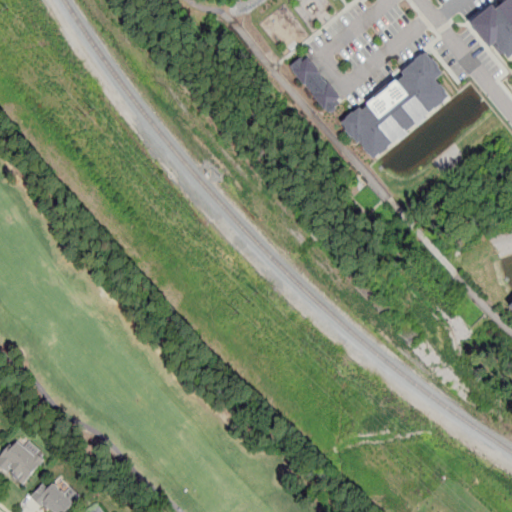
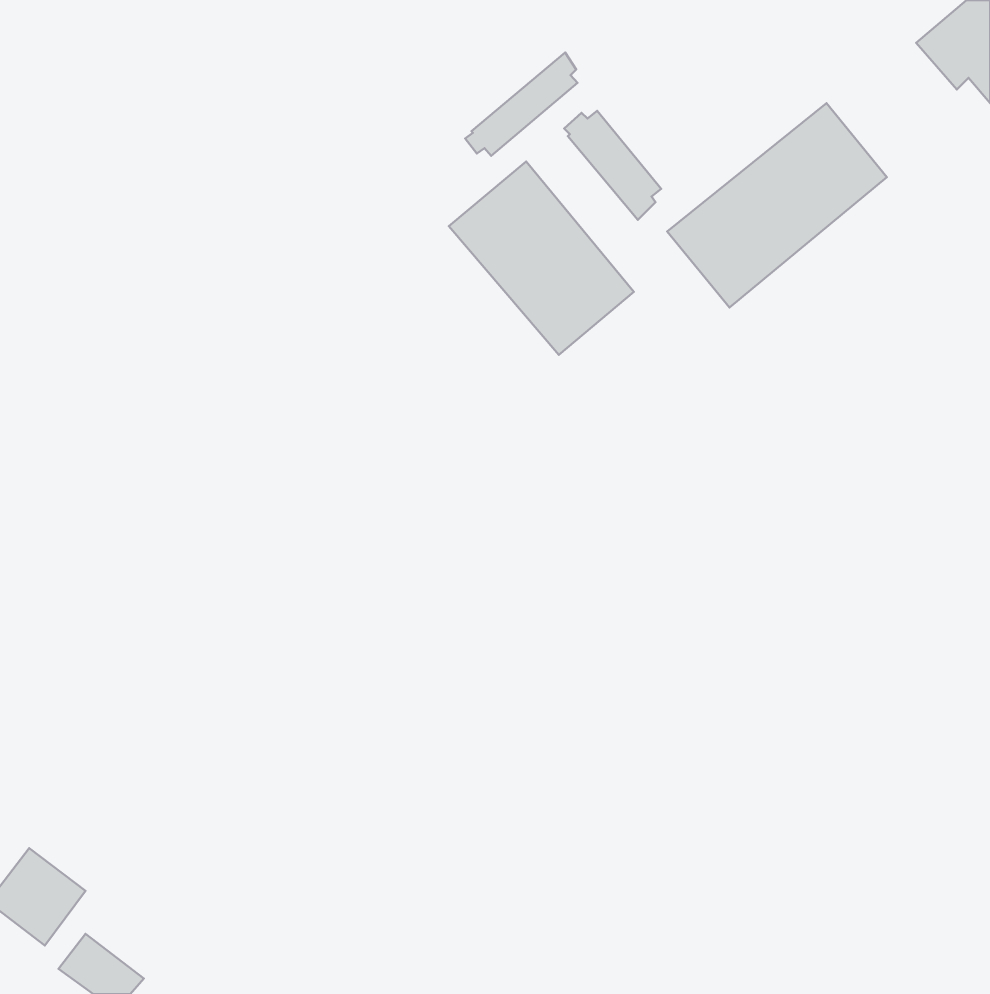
building: none -> [465,53,577,156]
building: none -> [449,161,634,355]

